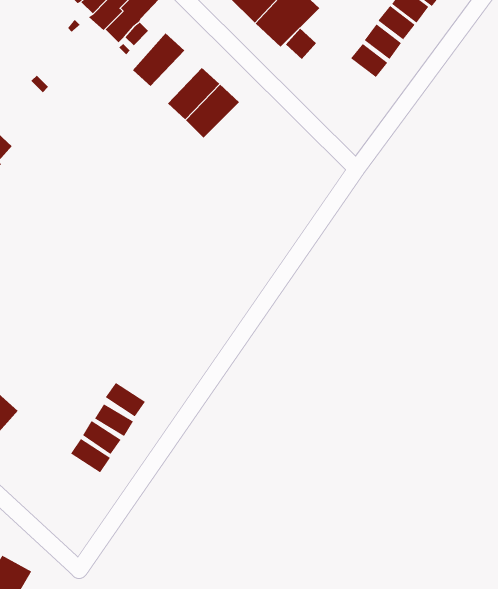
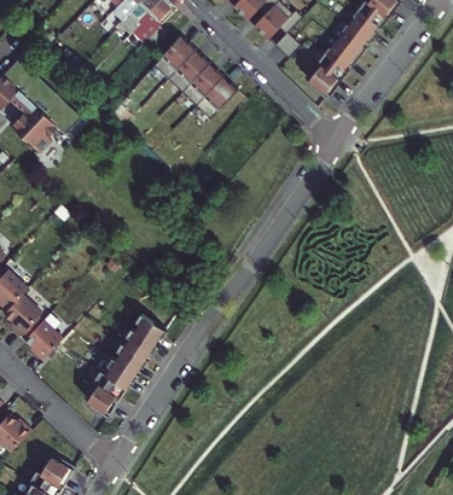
building: none -> [167,48,208,91]
building: none -> [307,58,344,95]
building: none -> [86,372,126,414]

